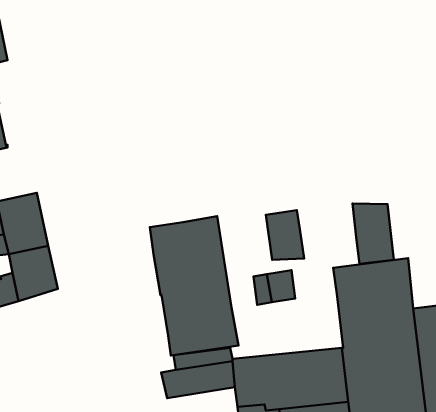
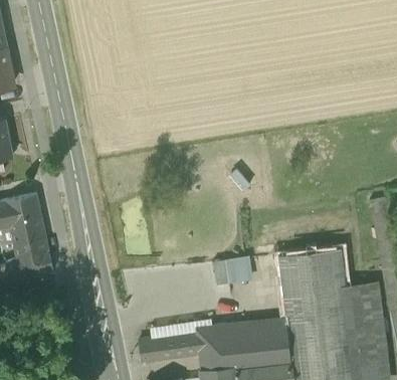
building: [352,203,394,264] -> none
building: [266,210,304,260] -> none
building: [150,216,238,356] -> none

